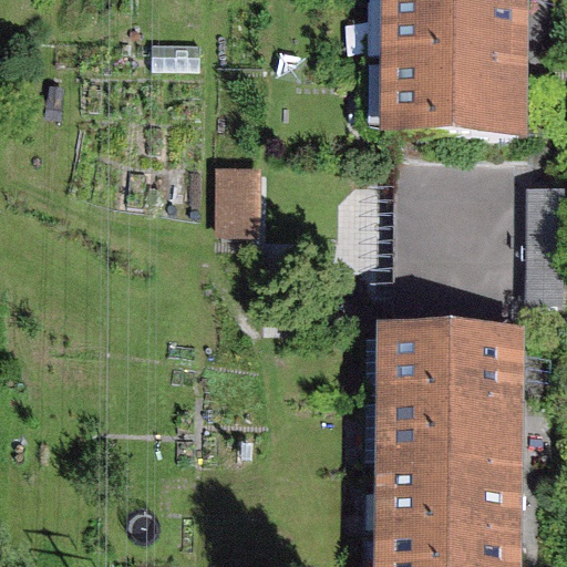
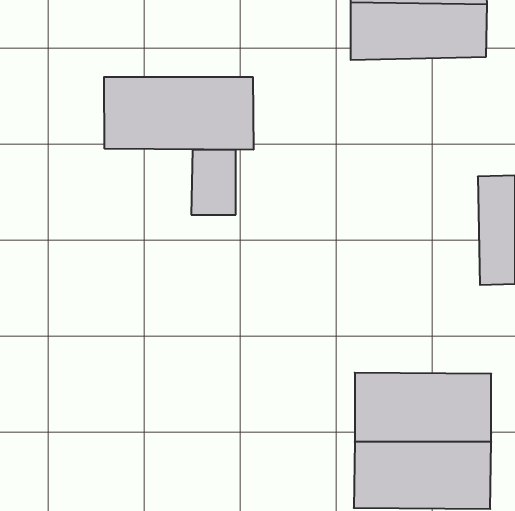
building: [374,61,520,136] -> none
building: none -> [104,77,253,150]
building: [380,332,526,401] -> none

